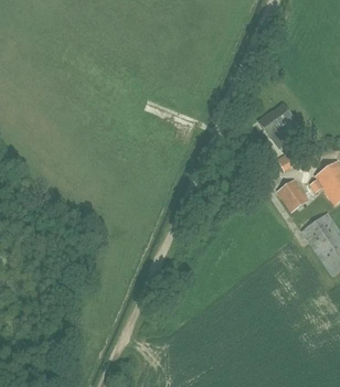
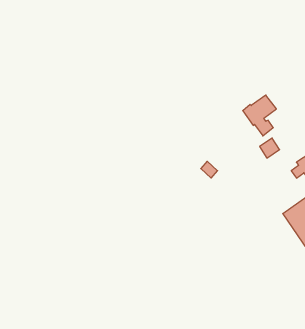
building: [276,179,308,212] -> none

